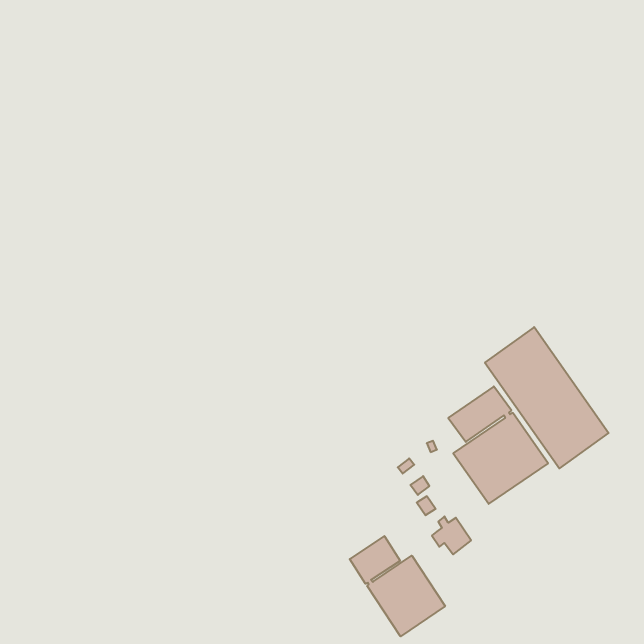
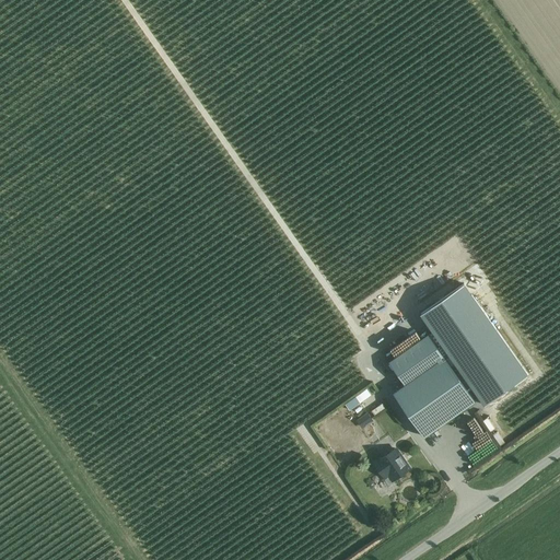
building: [350,536,445,636] -> none

